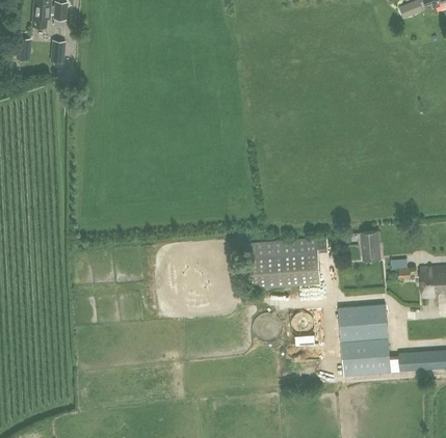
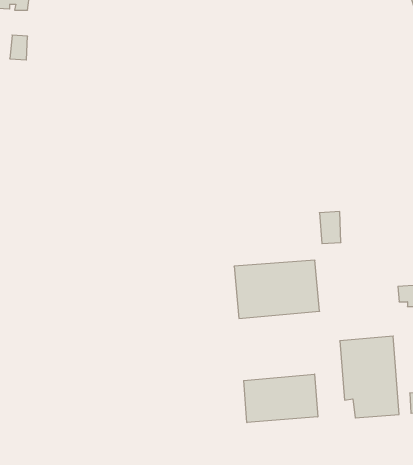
building: [361,231,379,259] -> [319,212,341,244]
building: none -> [244,374,318,423]

